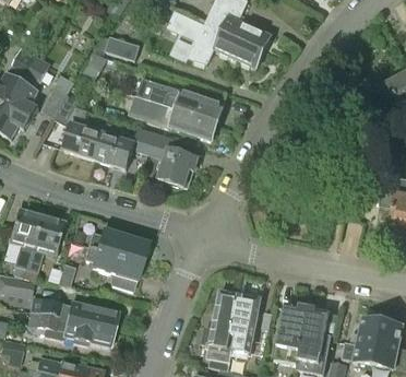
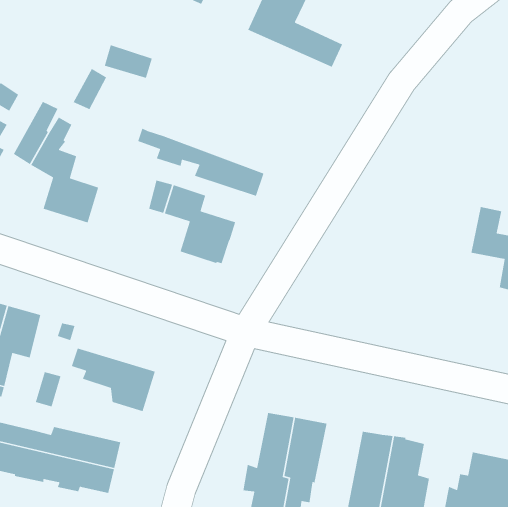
building: [166,10,263,67] -> none
building: [135,78,223,123] -> none
building: [94,121,133,168] -> none
building: [86,228,146,261] -> none

